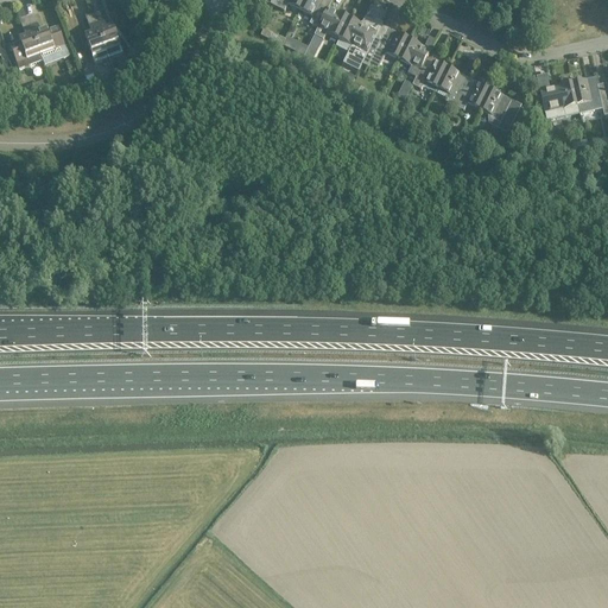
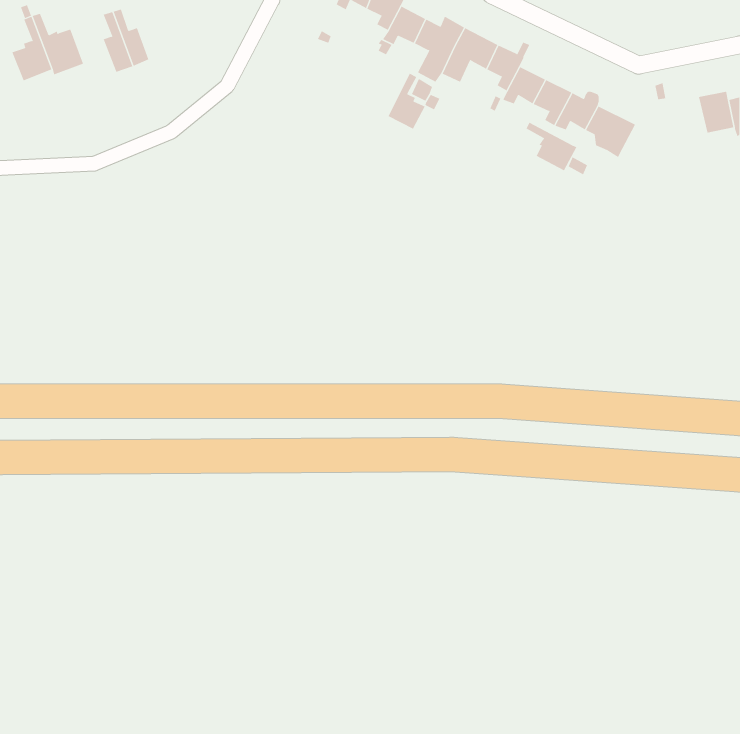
building: none -> [388,73,426,130]
building: [540,80,580,118] -> none
building: none -> [526,122,577,171]

